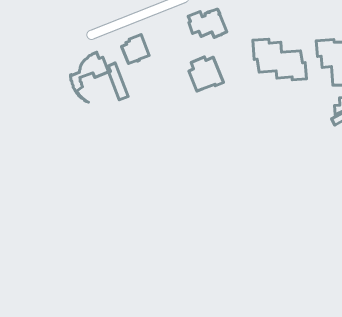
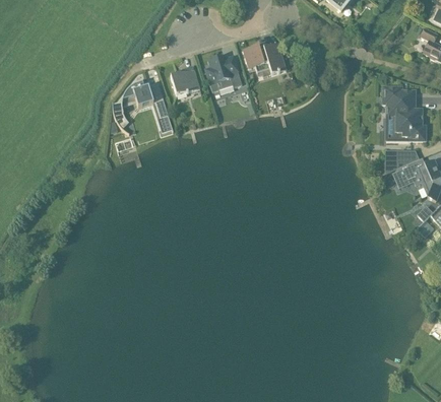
building: [253,39,307,80] -> none
building: [189,57,223,91] -> [205,55,242,91]

